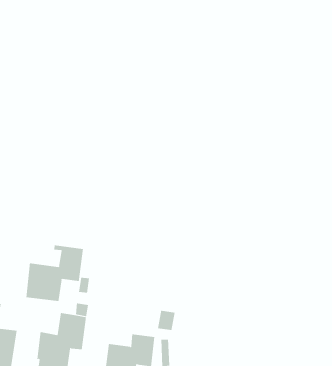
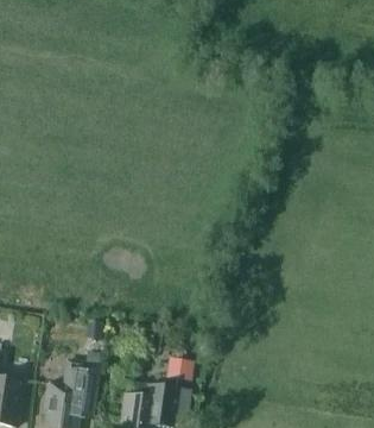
building: [26,244,83,302] -> none

